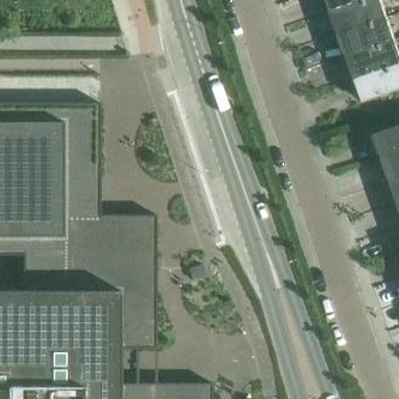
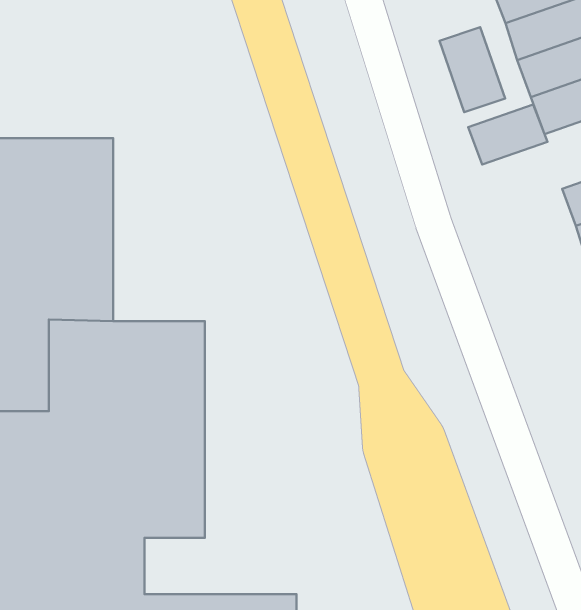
building: none -> [439,27,505,112]
building: none -> [468,104,547,165]

